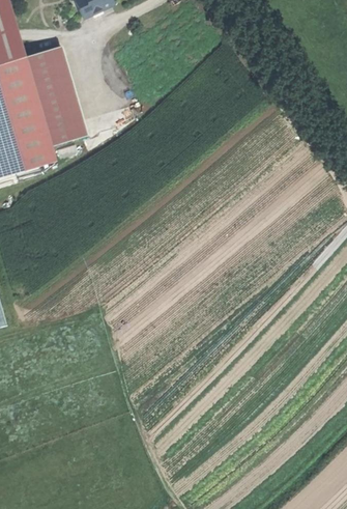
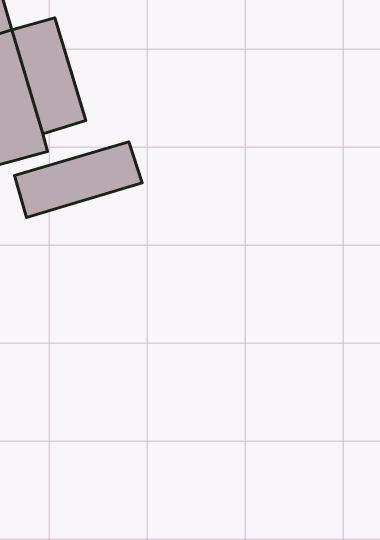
building: none -> [14,142,142,217]

